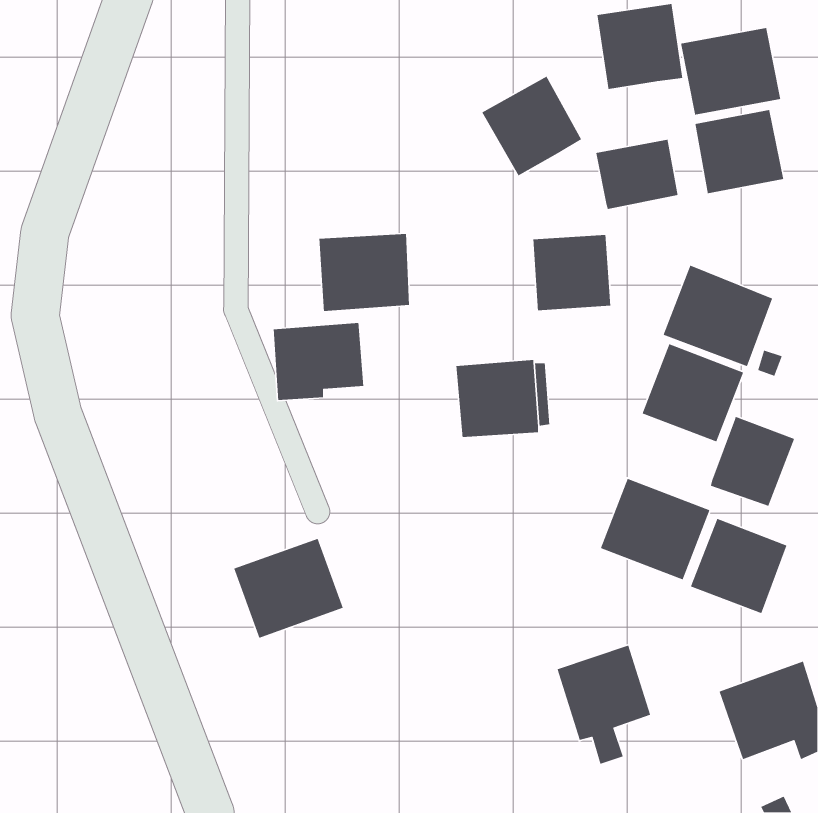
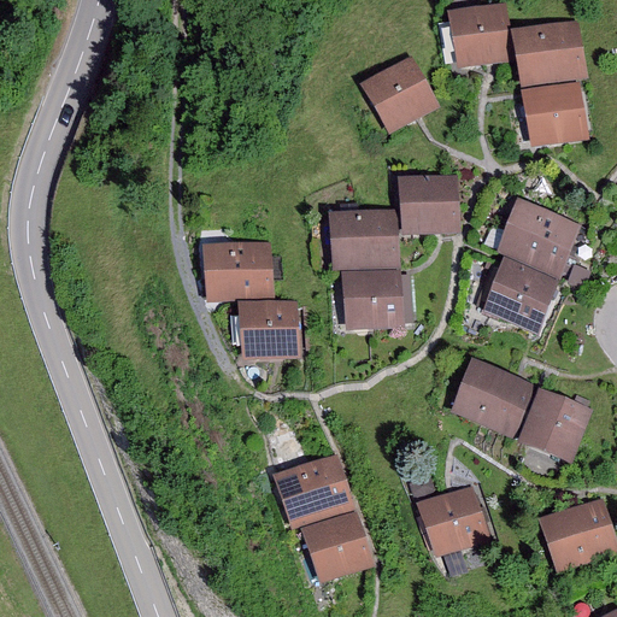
building: [595,139,678,210] -> none
building: [318,233,410,312] -> [330,210,399,269]
building: none -> [239,300,300,359]
building: [710,416,795,507] -> none
building: [233,538,344,639] -> [272,452,355,528]
building: none -> [301,512,372,581]

